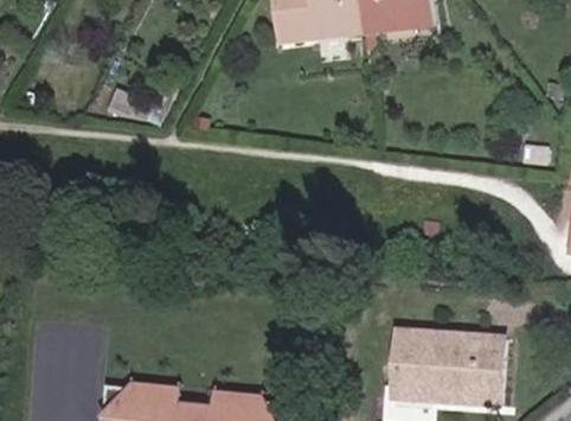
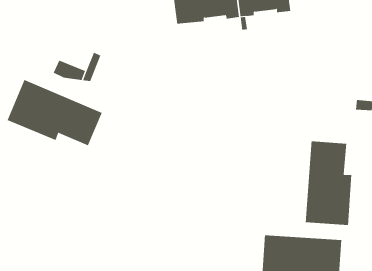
building: none -> [7,79,103,146]
building: none -> [305,140,352,226]

